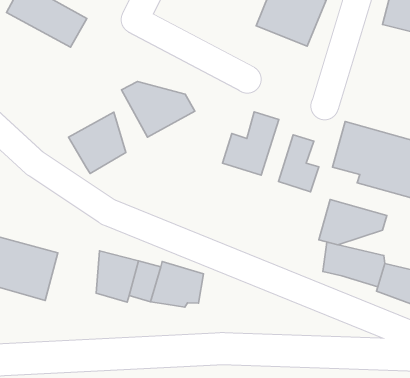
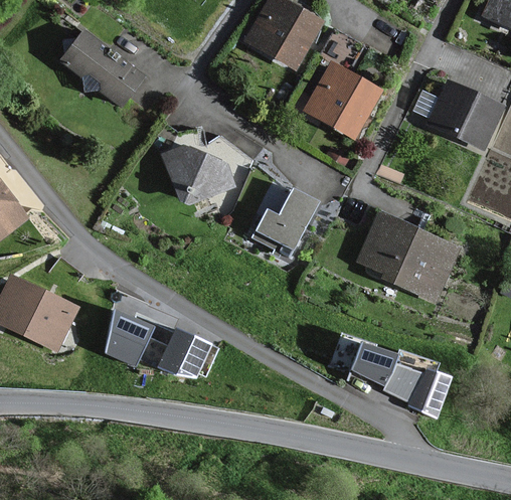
building: [69,112,126,173] -> none
building: [278,135,319,192] -> none
building: [319,200,387,245] -> none

